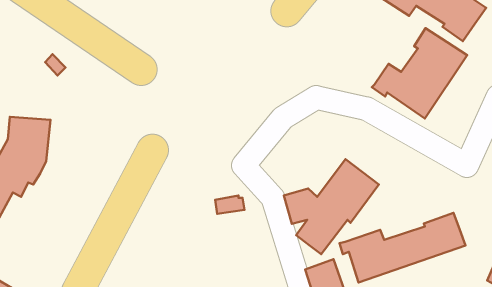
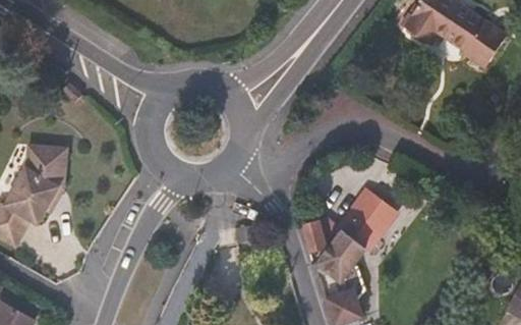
building: [372,28,467,119] -> none
building: [340,213,466,282] -> none

